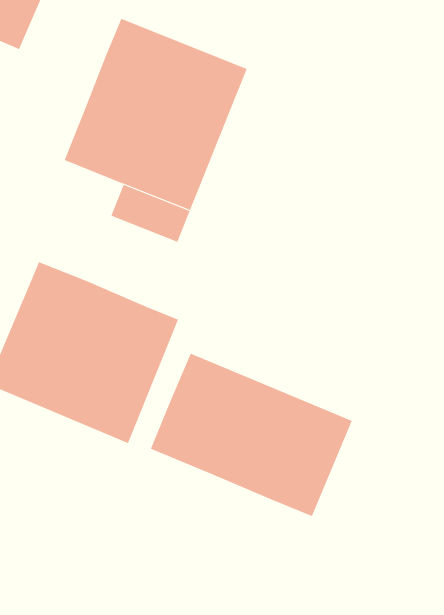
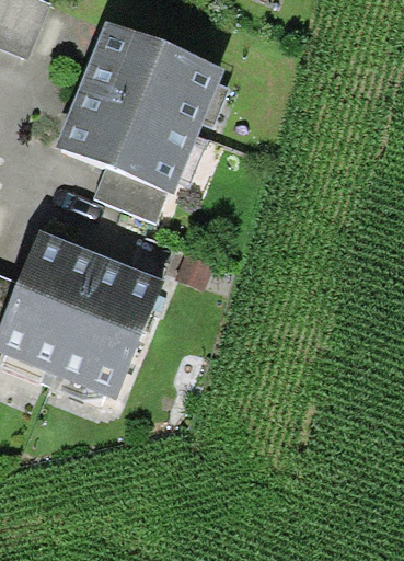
building: [150,353,353,517] -> none

